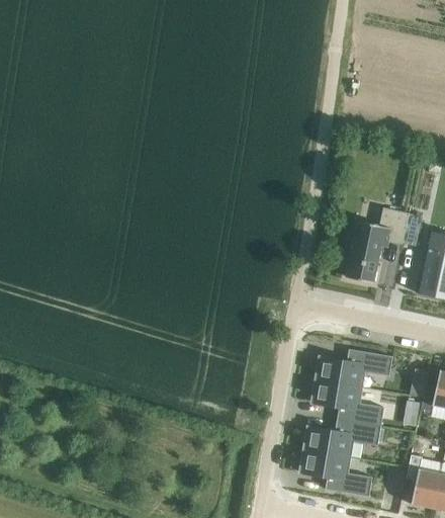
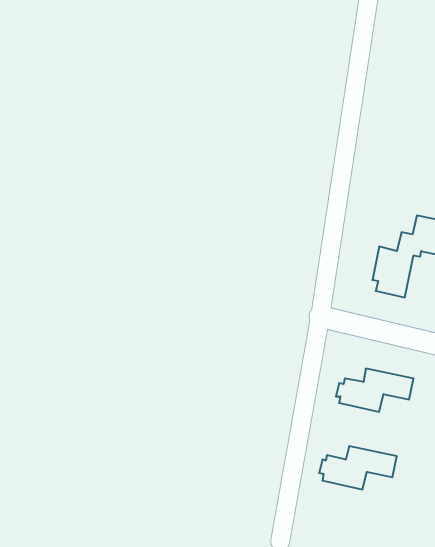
building: [307,378,372,427] -> none
building: [292,449,357,498] -> none

